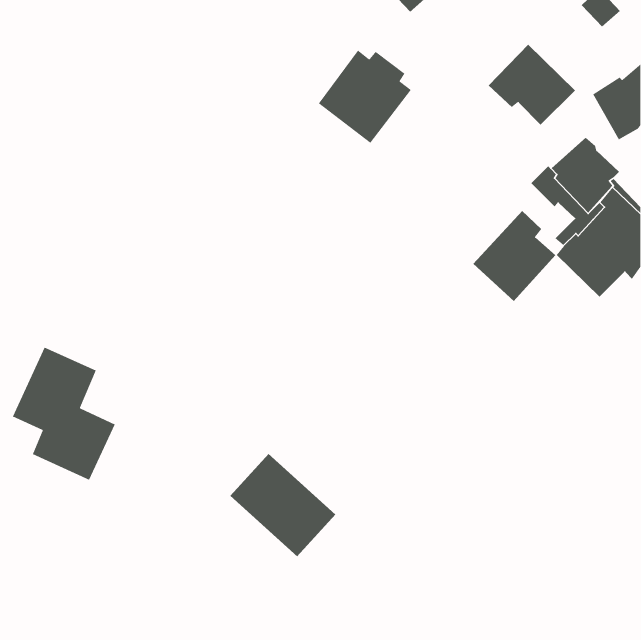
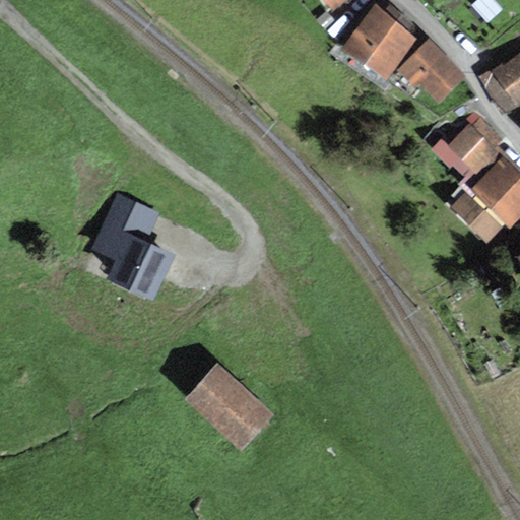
building: [318,50,412,144] -> [342,4,418,80]
building: [473,210,556,302] -> none
building: [12,346,116,481] -> [90,192,175,301]

